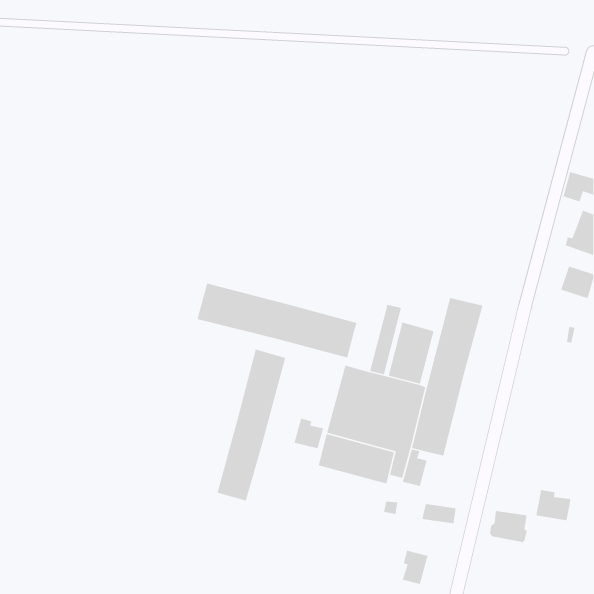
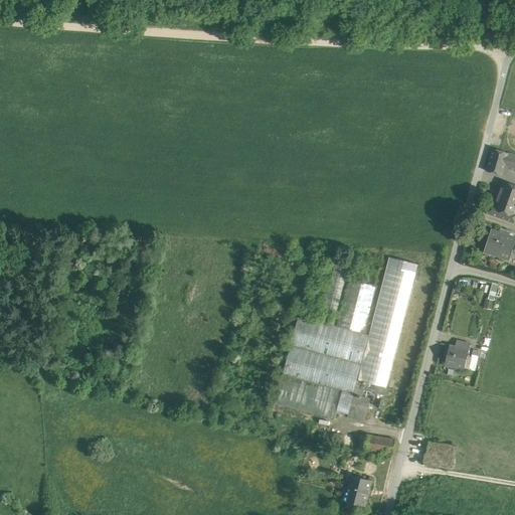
building: [196,283,357,358] -> none
building: [216,349,286,501] -> none
building: none -> [444,341,470,368]
building: [294,418,324,449] -> none
building: [536,489,571,521] -> none

